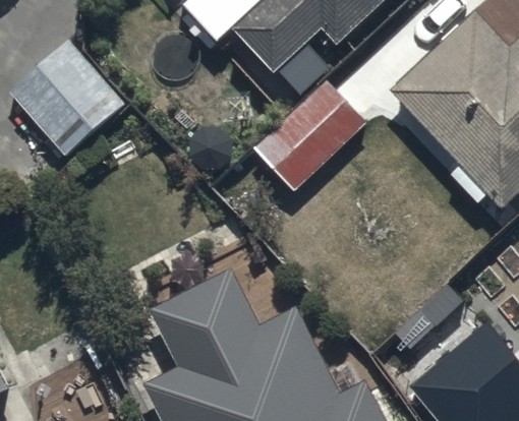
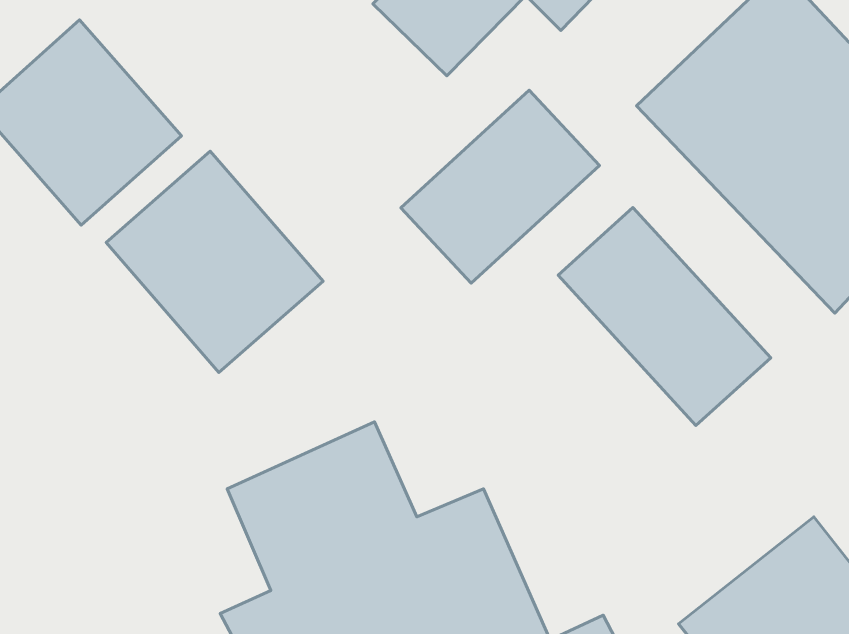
building: none -> [106,151,323,373]
building: none -> [558,208,771,425]

